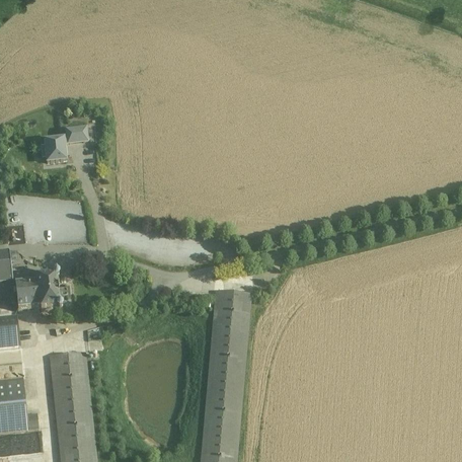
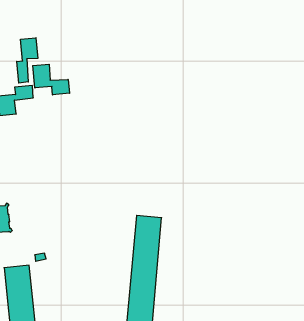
building: none -> [17,38,38,83]
building: none -> [33,64,70,95]

